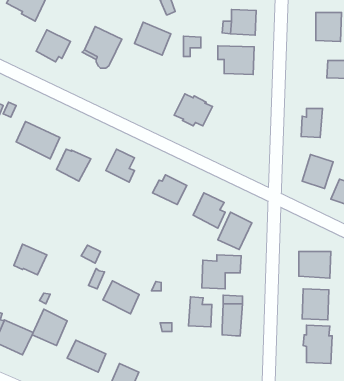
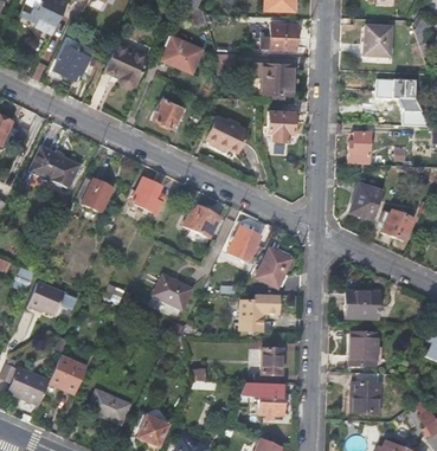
building: none -> [152,96,182,128]
building: none -> [269,110,295,140]
building: [103,281,139,314] -> [153,272,193,309]
building: [188,297,212,327] -> [258,382,284,415]

